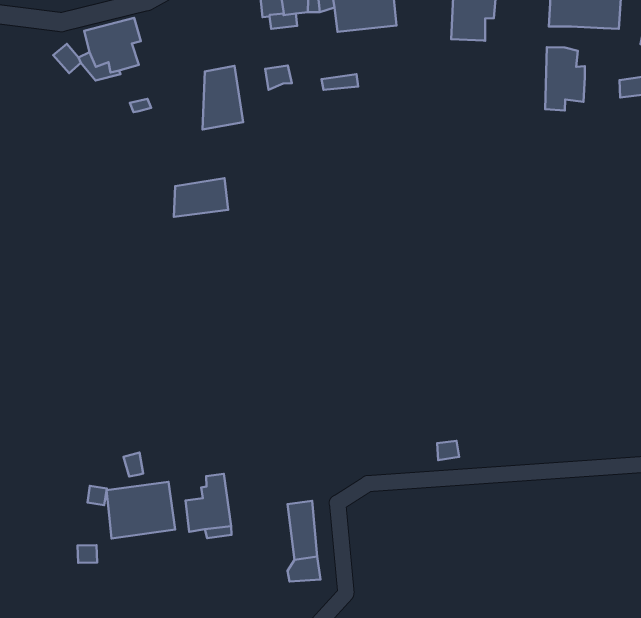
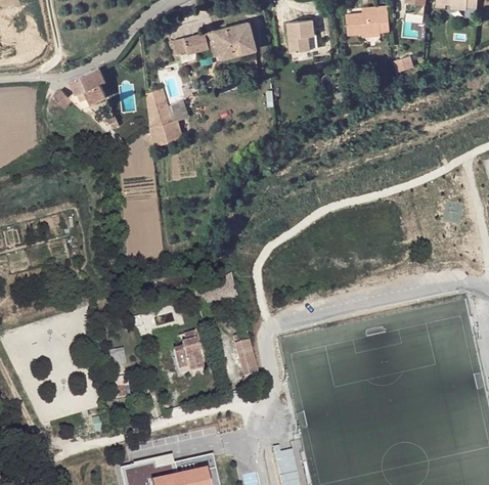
building: [545,47,585,111] -> none
building: [174,178,228,217] -> [149,120,183,147]
building: [106,482,175,538] -> none

